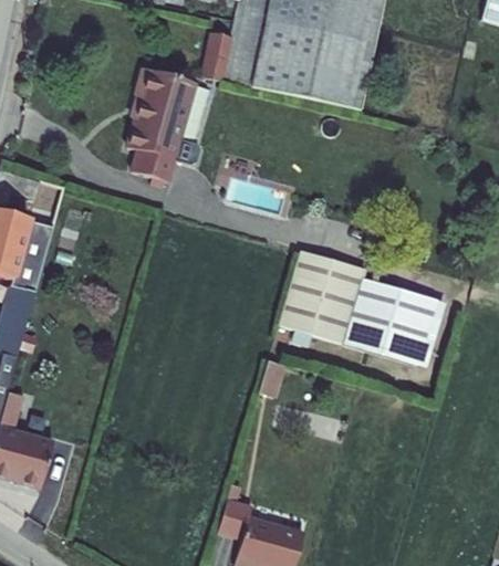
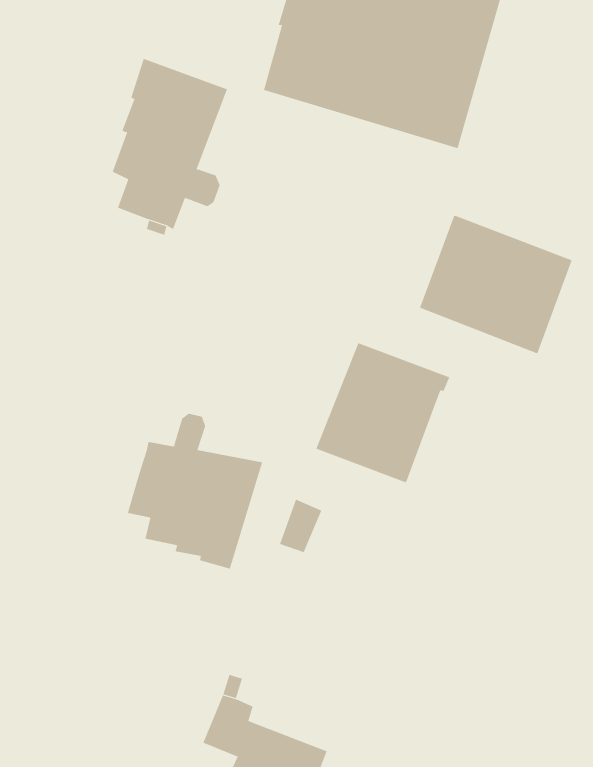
building: [201,30,233,81] -> none
building: [344,277,447,368] -> [419,216,572,354]
building: none -> [127,413,263,569]

